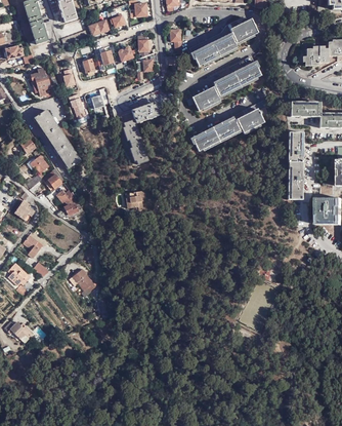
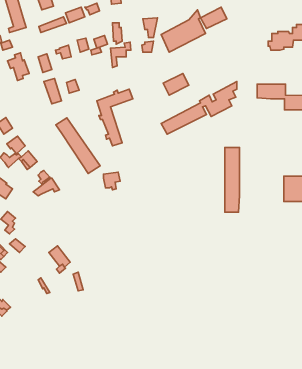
building: [213,56,259,95] -> none
building: [34,112,80,170] -> [56,118,100,174]
building: [288,130,303,198] -> [225,148,239,212]

